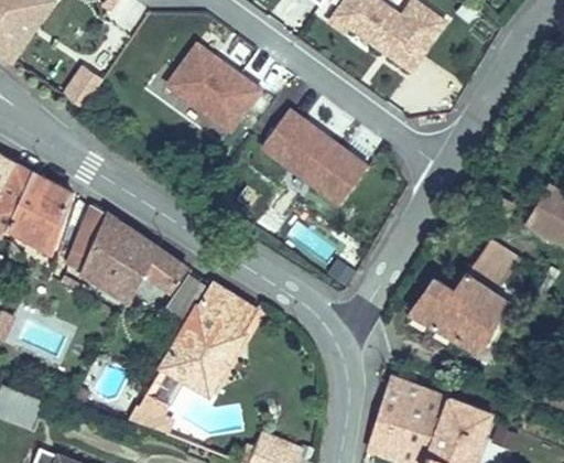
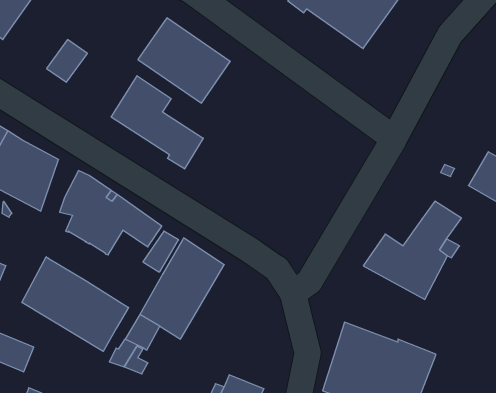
building: none -> [111,76,203,169]
building: [260,106,369,205] -> none
building: none -> [22,257,129,351]

